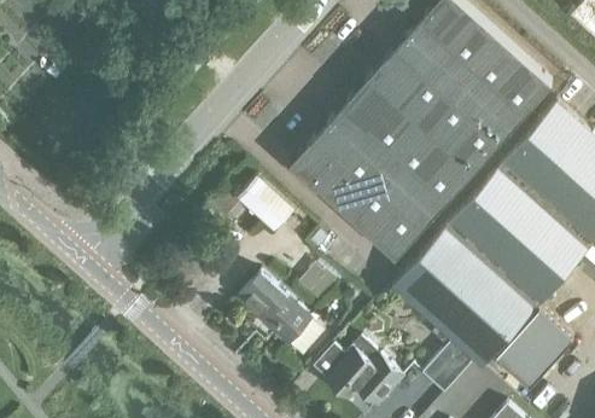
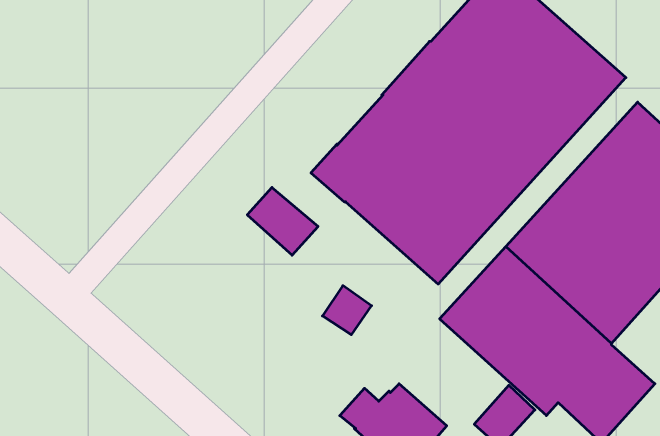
building: [237,273,326,356] -> none

